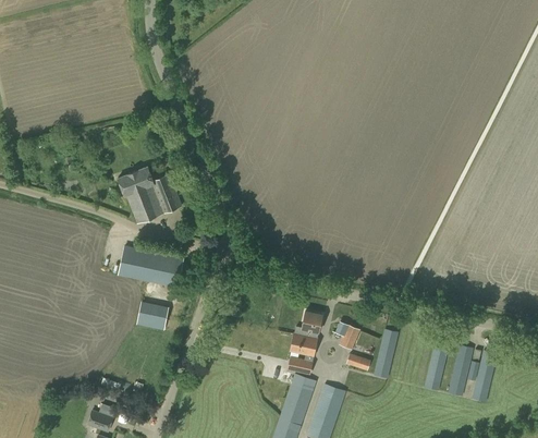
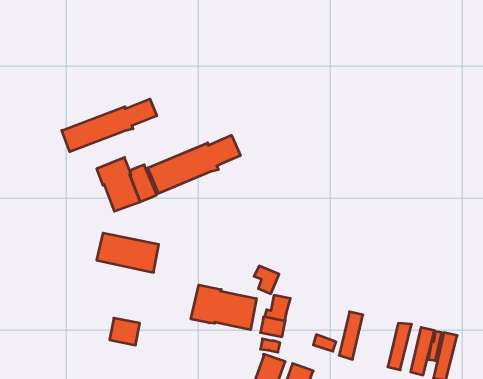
building: none -> [62,99,157,152]
building: none -> [148,135,240,193]
building: none -> [191,285,256,330]
building: [136,302,168,330] -> [110,318,140,345]
building: [333,321,359,351] -> [254,266,279,294]

